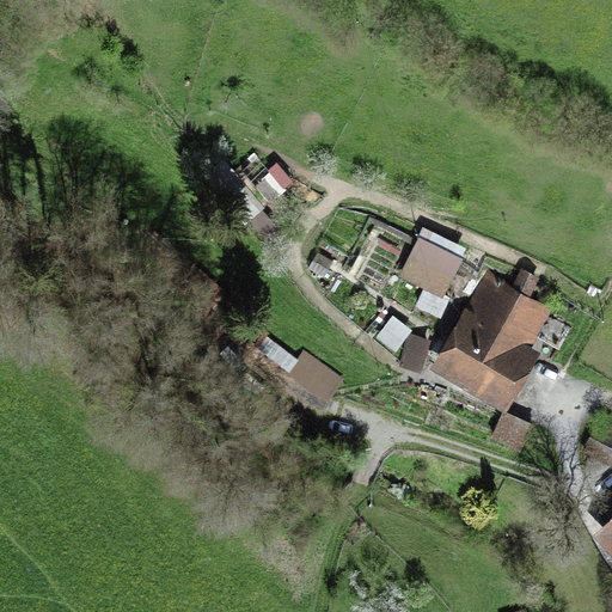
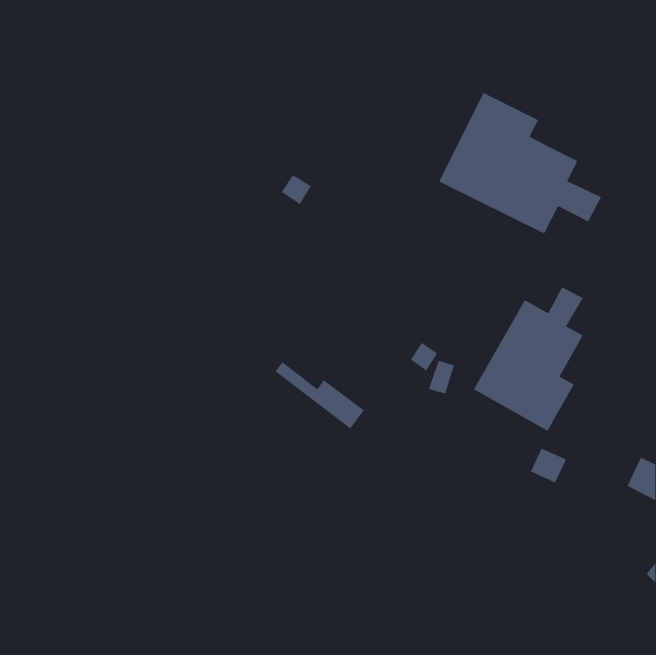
building: none -> [438,92,602,235]
building: [400,238,463,298] -> none

